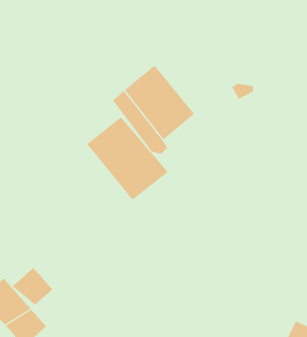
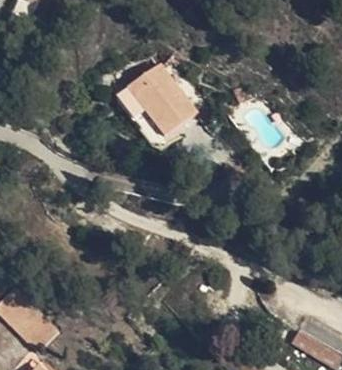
building: [86,116,168,200] -> none
building: [12,267,53,305] -> none

